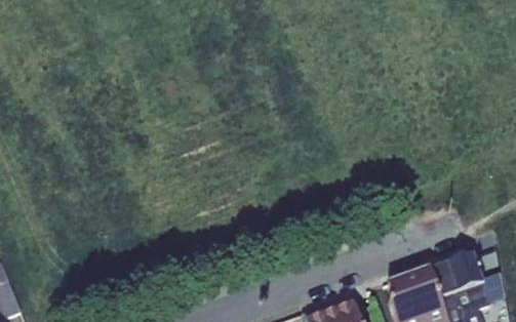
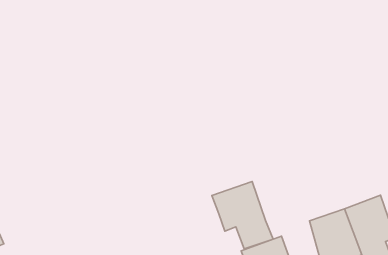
building: none -> [212,182,273,249]

